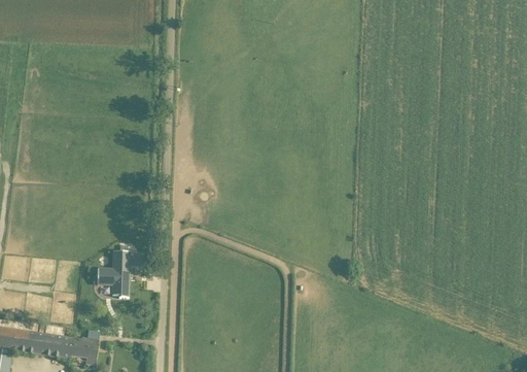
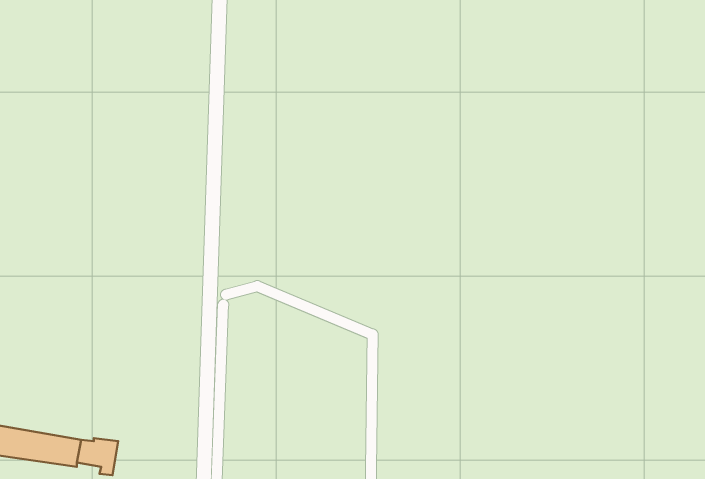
building: [97,250,133,296] -> none

